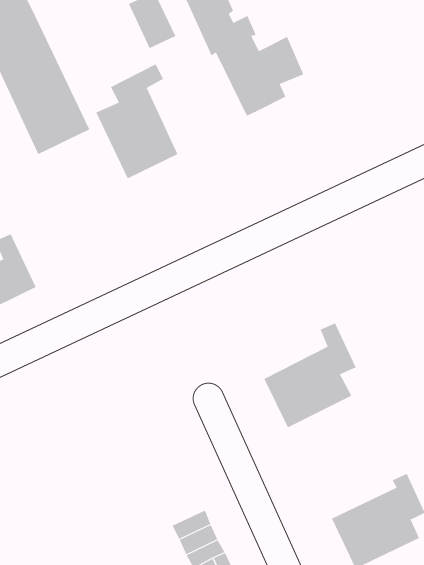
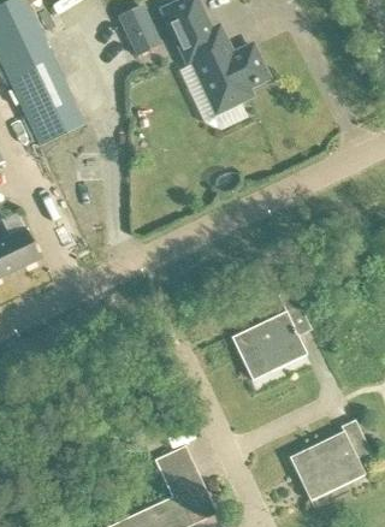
building: [96,64,178,179] -> none

